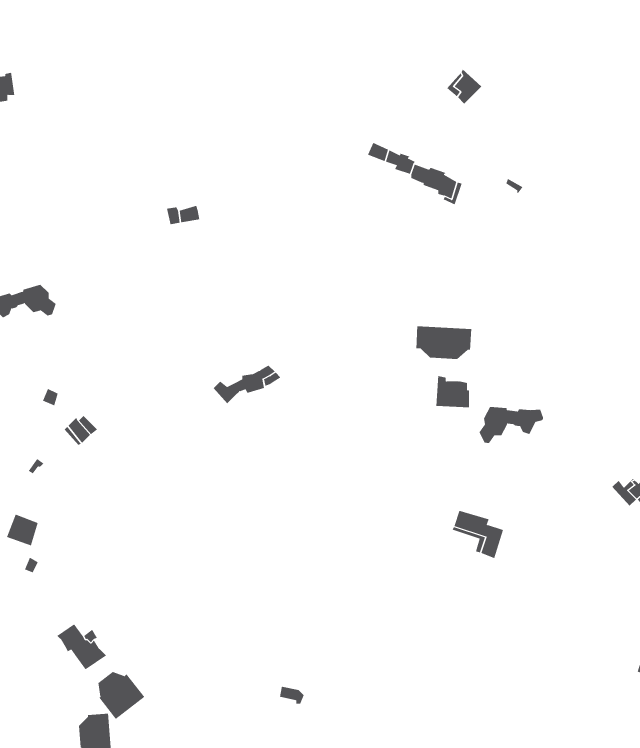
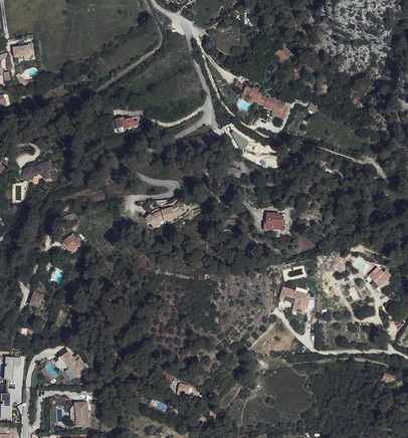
building: [416,326,472,360] -> none
building: [479,406,544,444] -> none
building: [98,671,145,720] -> none

